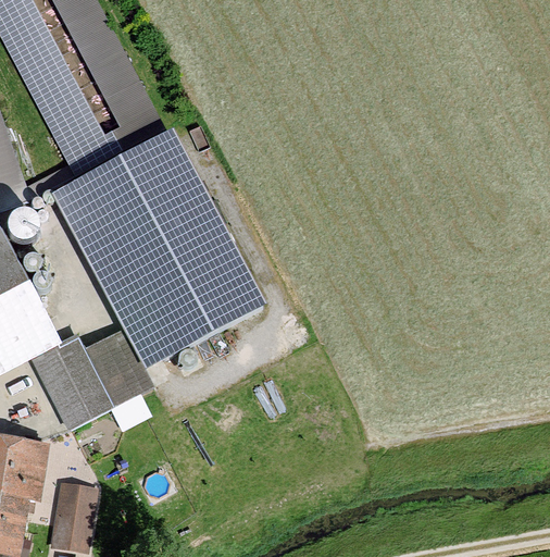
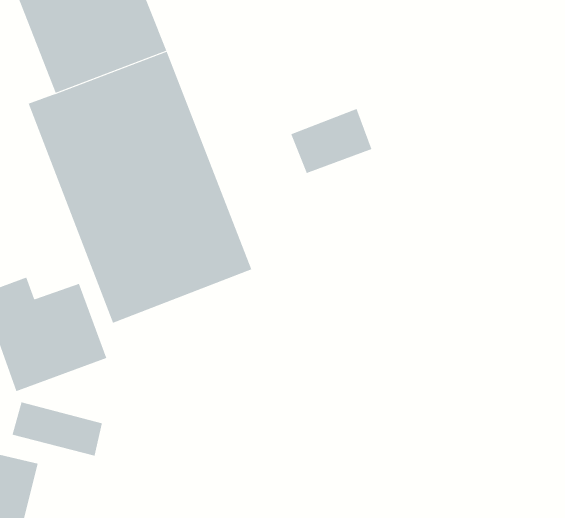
building: none -> [290,108,372,174]
building: none -> [12,401,102,456]

